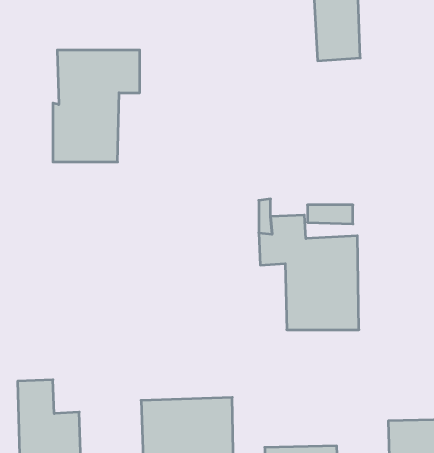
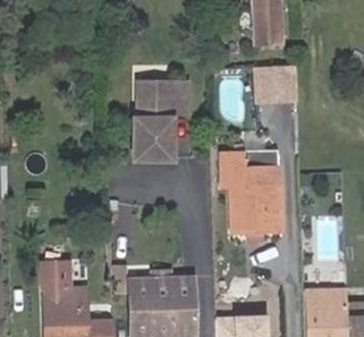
building: [53,50,140,162] -> [135,79,196,157]
building: none -> [265,73,296,99]

